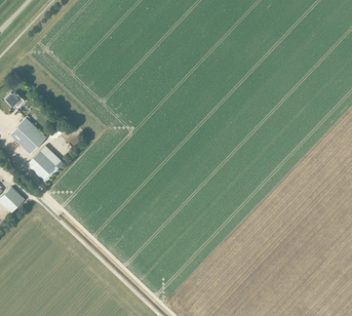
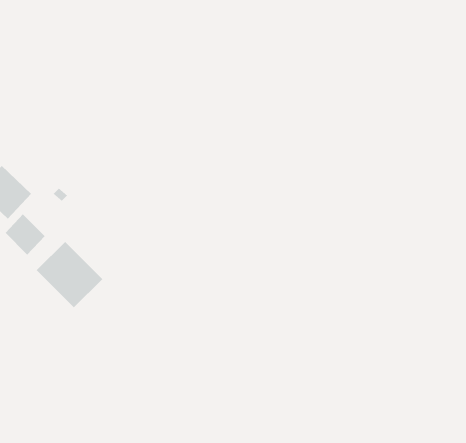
building: none -> [36,241,103,308]

